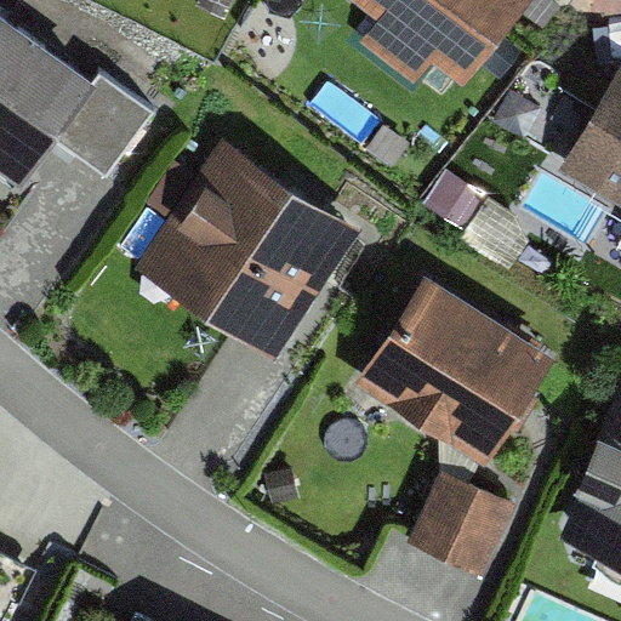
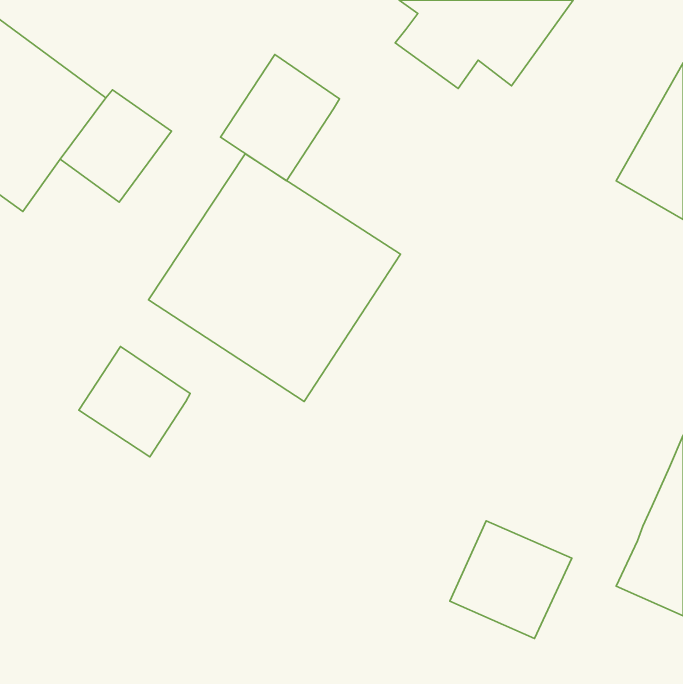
building: none -> [221,54,339,181]
building: [357,279,556,469] -> none
building: none -> [79,346,190,457]

